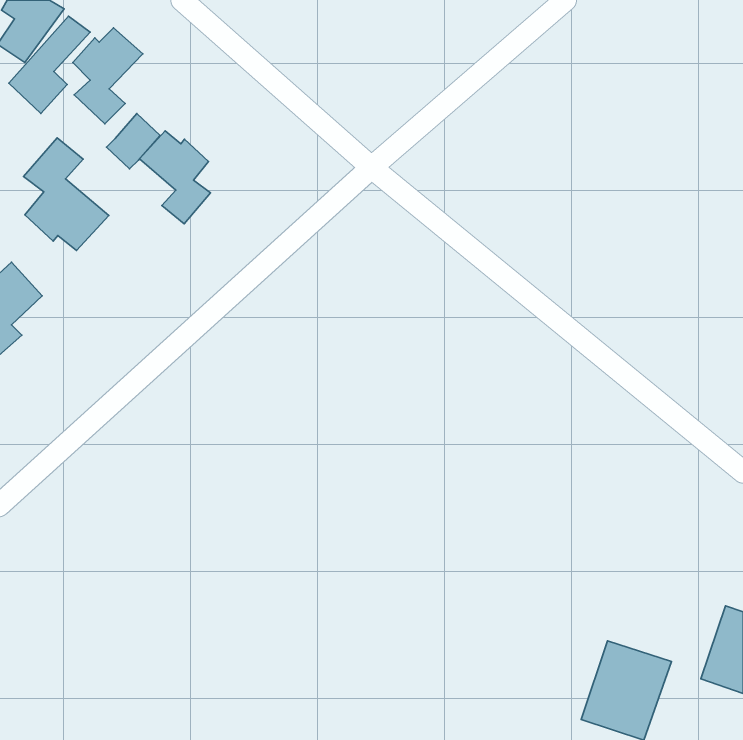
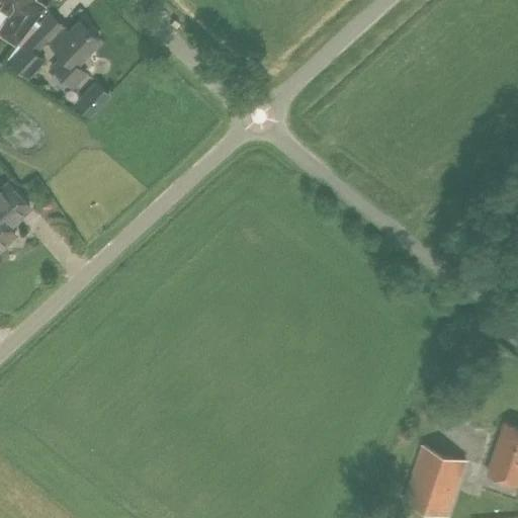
building: [140,131,211,224] -> none
building: [24,138,109,251] -> none

